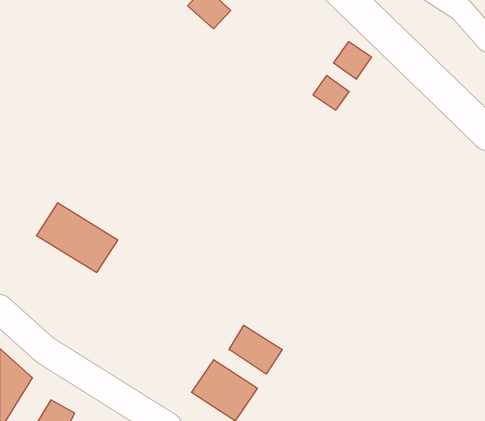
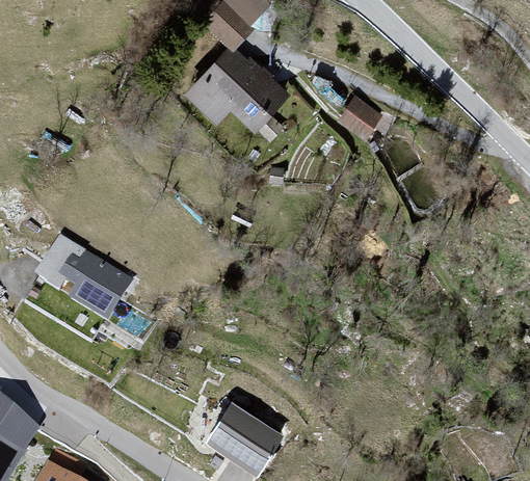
building: none -> [187,50,286,140]
building: [333,42,371,79] -> none
building: [229,325,282,374] -> none

